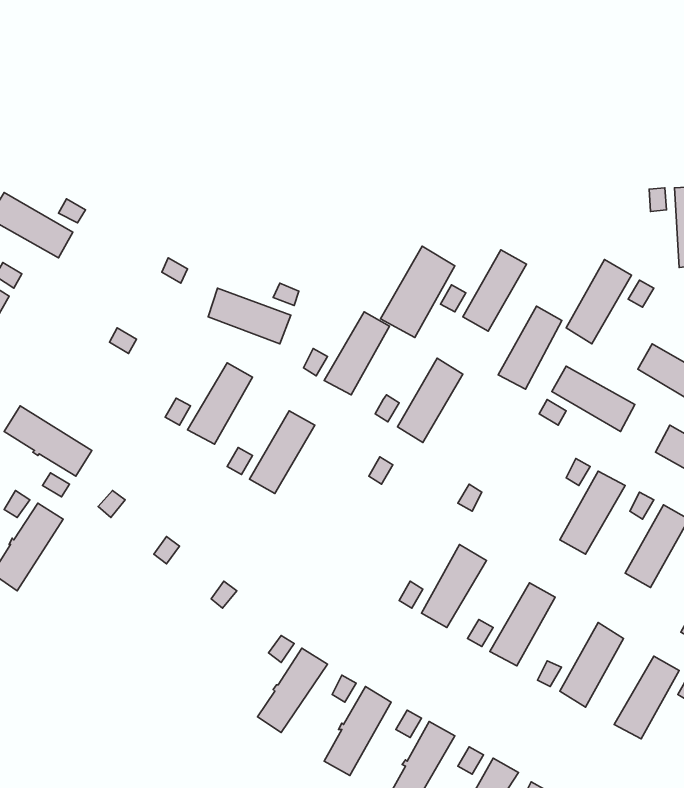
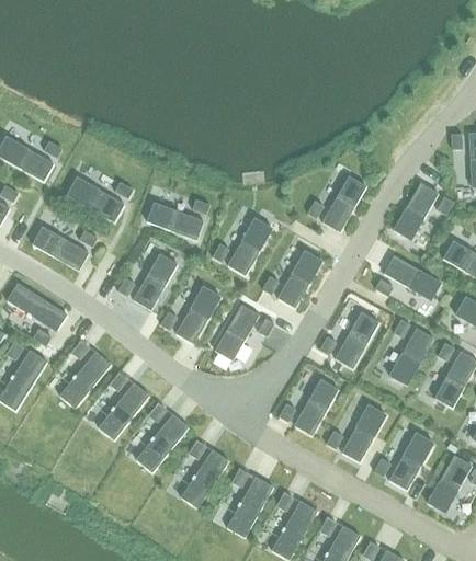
building: [381,246,455,338] -> none
building: none -> [66,176,124,221]
building: [498,306,562,389] -> [333,311,377,368]
building: none -> [31,226,88,270]
building: none -> [214,304,258,360]
building: none -> [58,351,110,408]
building: none -> [98,382,148,439]
building: none -> [135,413,188,472]

